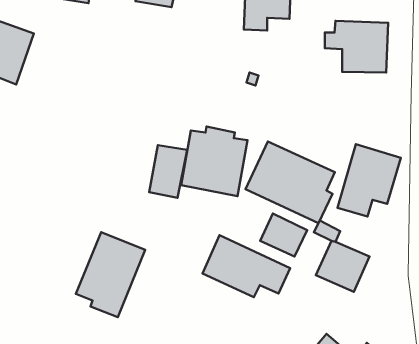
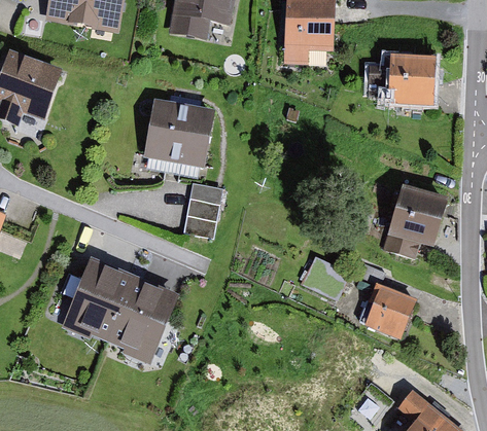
building: [181,127,247,196] -> [143,95,213,168]
building: [246,142,335,223] -> none
building: none -> [61,257,133,340]
building: [202,235,290,297] -> none

